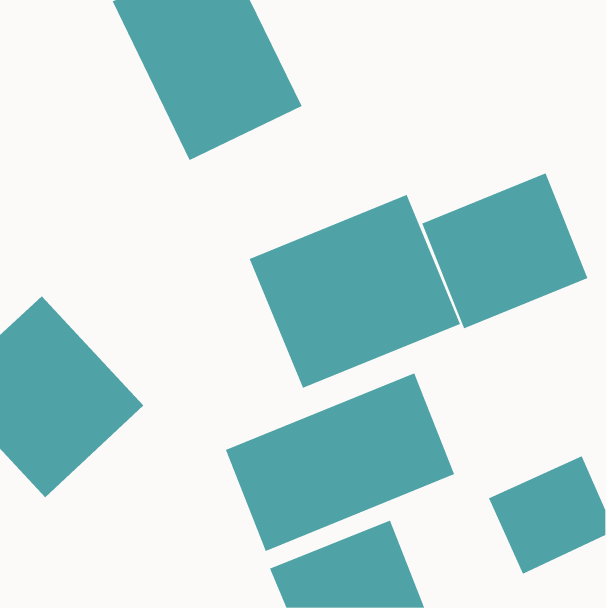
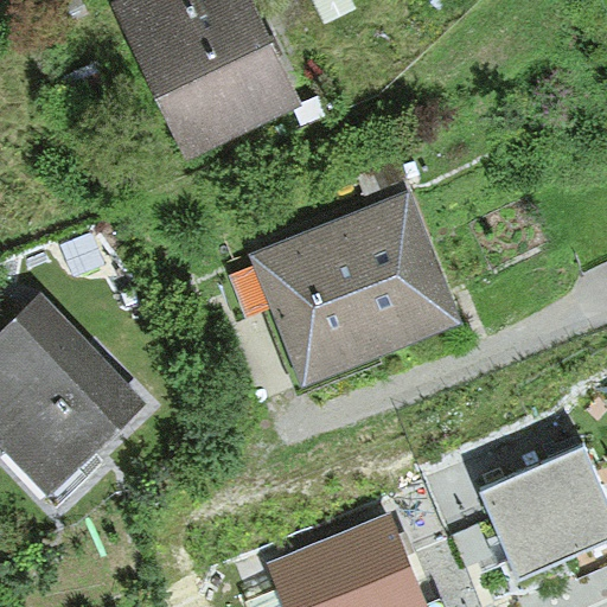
building: [422,173,588,329] -> none
building: [225,372,455,552] -> none

